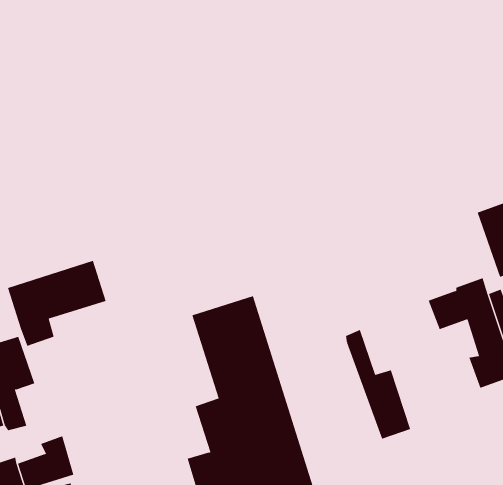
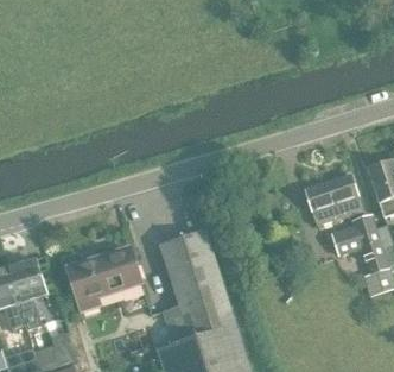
building: none -> [305,174,362,225]
building: [7,260,107,347] -> [68,250,140,313]
building: [346,329,411,439] -> none

